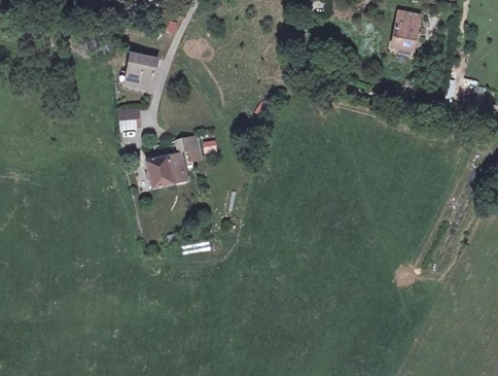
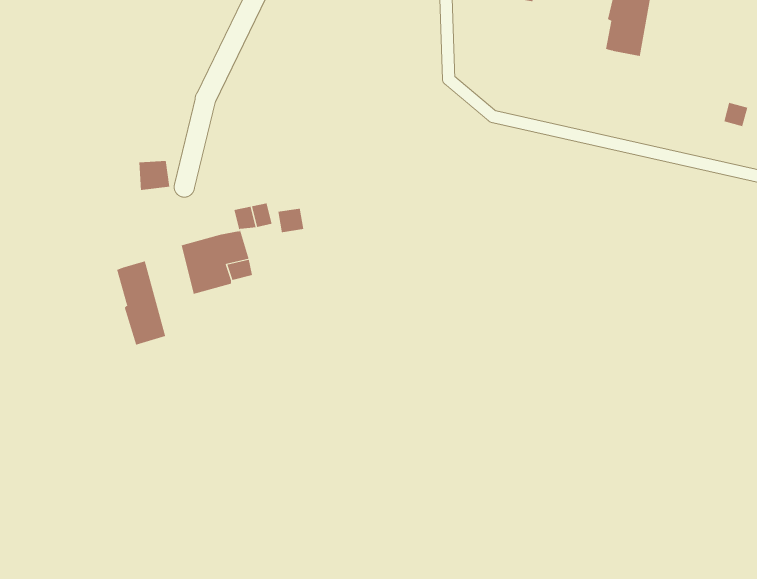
building: [126,52,157,87] -> none
building: none -> [117,261,166,345]

